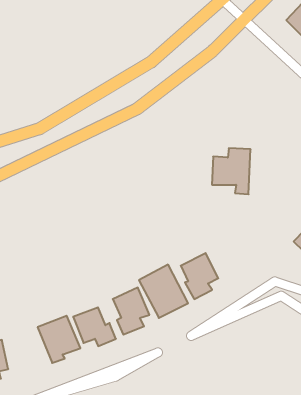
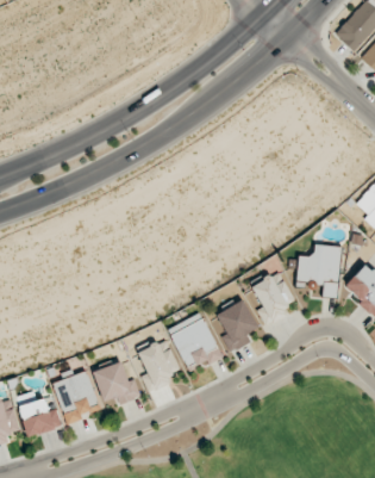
building: [212,148,251,194] -> [296,244,340,297]
building: none -> [252,272,296,319]
building: none -> [17,391,62,436]

